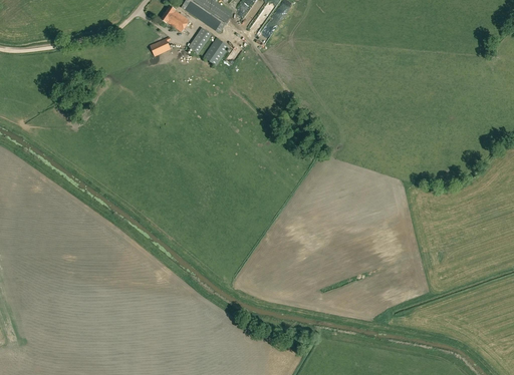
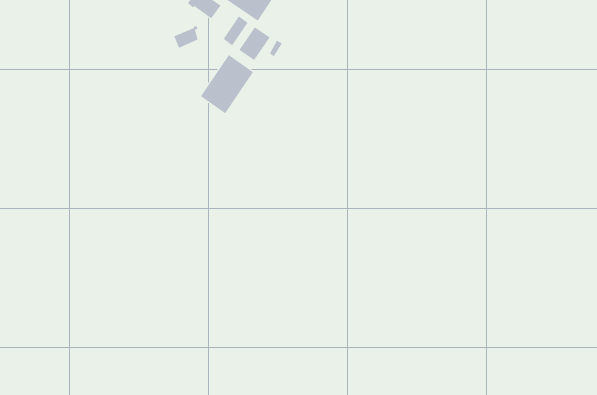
building: none -> [200,54,254,114]

